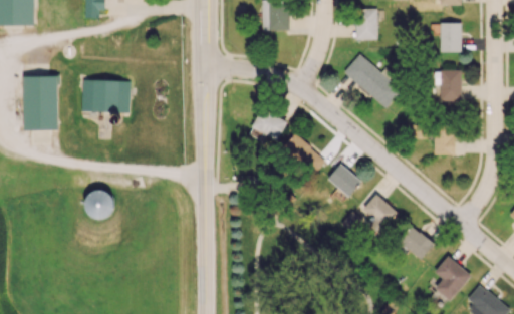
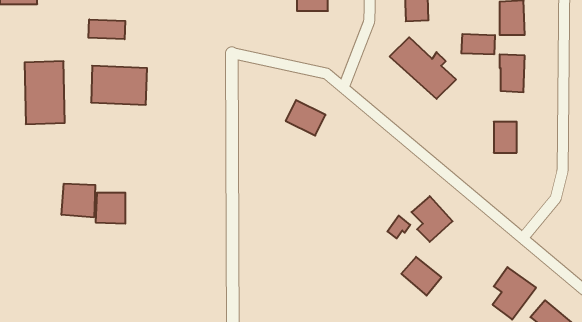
building: none -> [88,19,125,39]
building: none -> [461,34,495,54]
building: [283,132,325,174] -> none
building: [327,164,361,197] -> none
building: none -> [62,184,95,217]
building: [399,226,434,260] -> [401,257,441,296]

